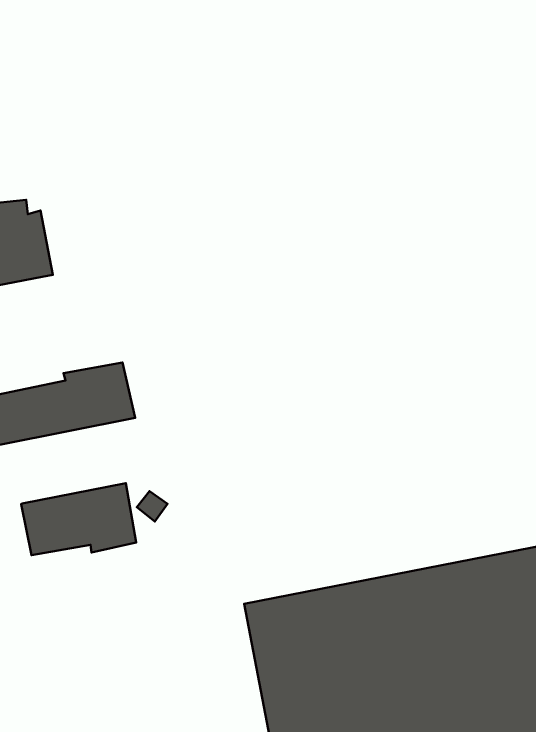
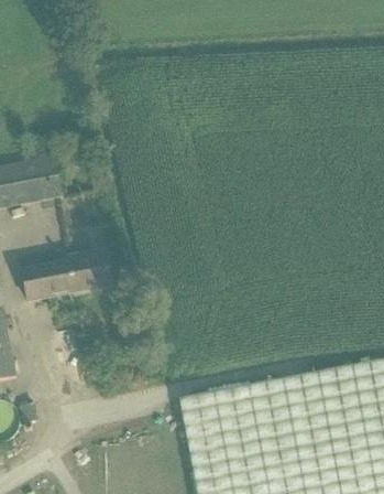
building: [21,483,136,555] -> none

